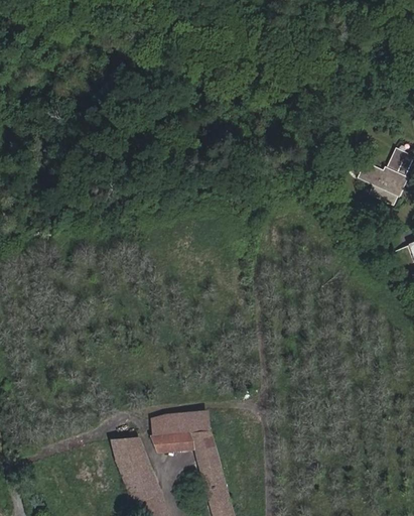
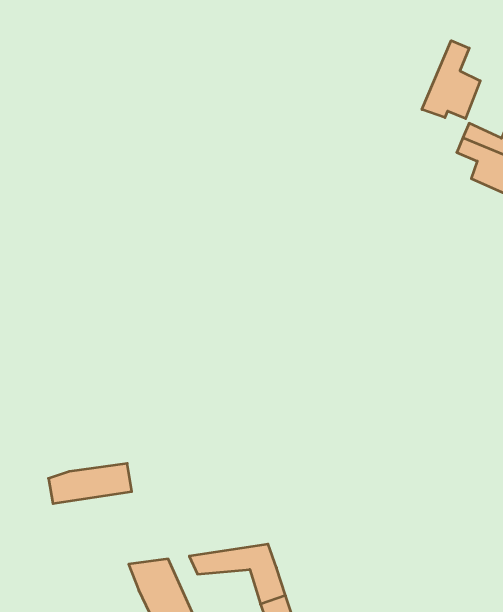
building: none -> [422,41,480,119]
building: [152,414,211,439] -> [48,463,132,504]

